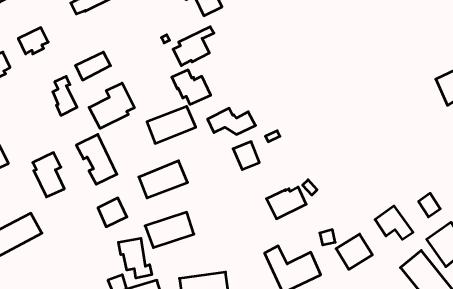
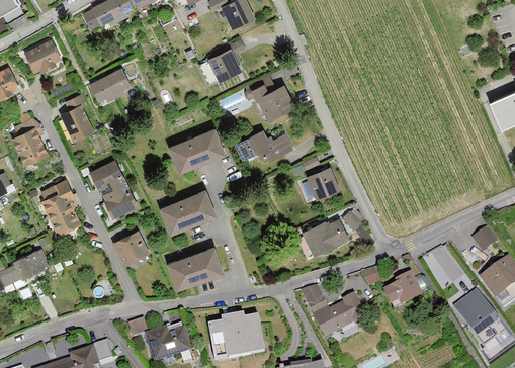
building: [172,70,211,104] -> [251,78,294,116]
building: [89,83,134,128] -> none
building: none -> [14,118,47,162]
building: [233,142,259,170] -> [308,165,337,196]
building: [118,238,152,278] -> none

